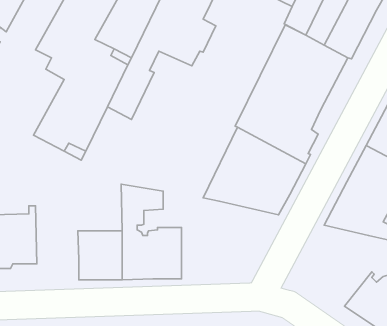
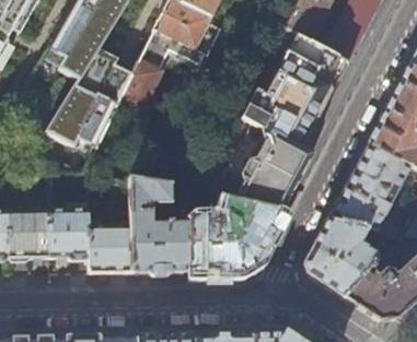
building: none -> [189,194,282,269]
building: none -> [49,199,91,258]
building: none -> [306,217,377,295]

